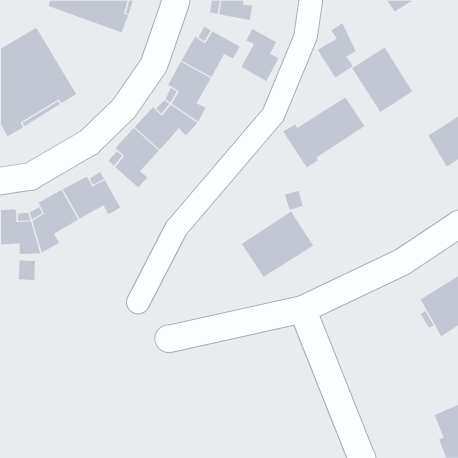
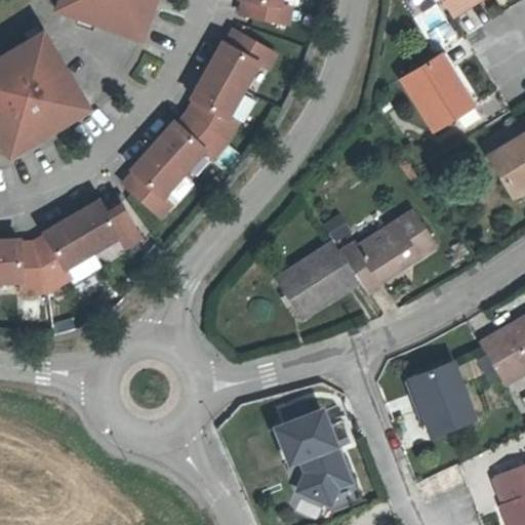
building: [317,22,357,78] -> none
building: [240,28,279,82] -> none
building: [282,97,366,168] -> [340,211,436,293]
building: none -> [410,362,475,434]
building: none -> [272,405,355,510]

